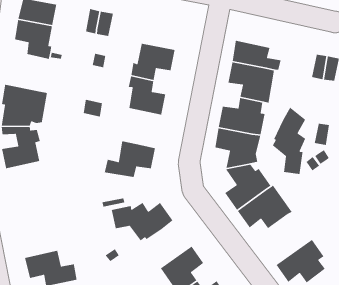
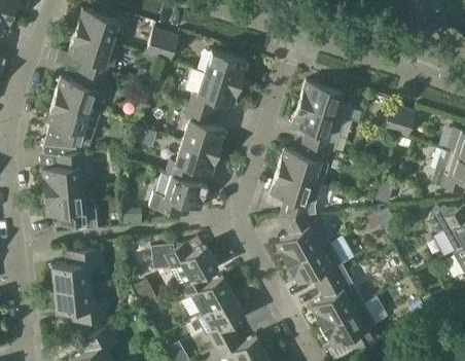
building: none -> [204,50,247,83]
building: none -> [52,71,105,111]
building: [272,106,306,175] -> none
building: none -> [167,141,217,181]
building: none -> [43,187,95,232]
building: none -> [310,272,363,326]
building: none -> [50,248,102,288]
building: none -> [179,275,234,316]

